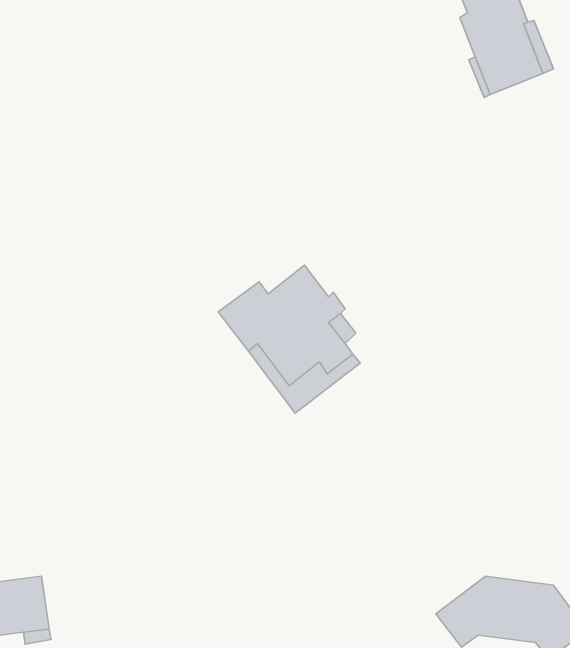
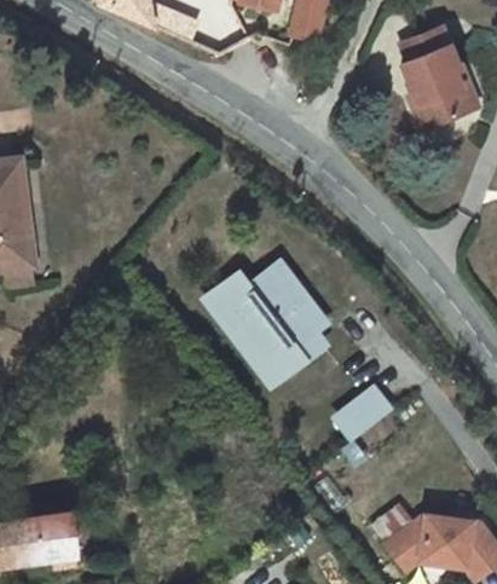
building: none -> [336,391,388,439]

